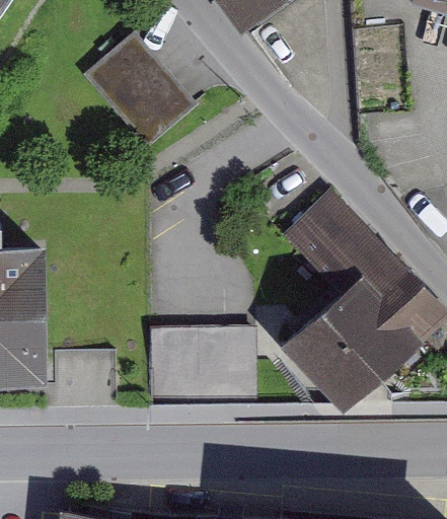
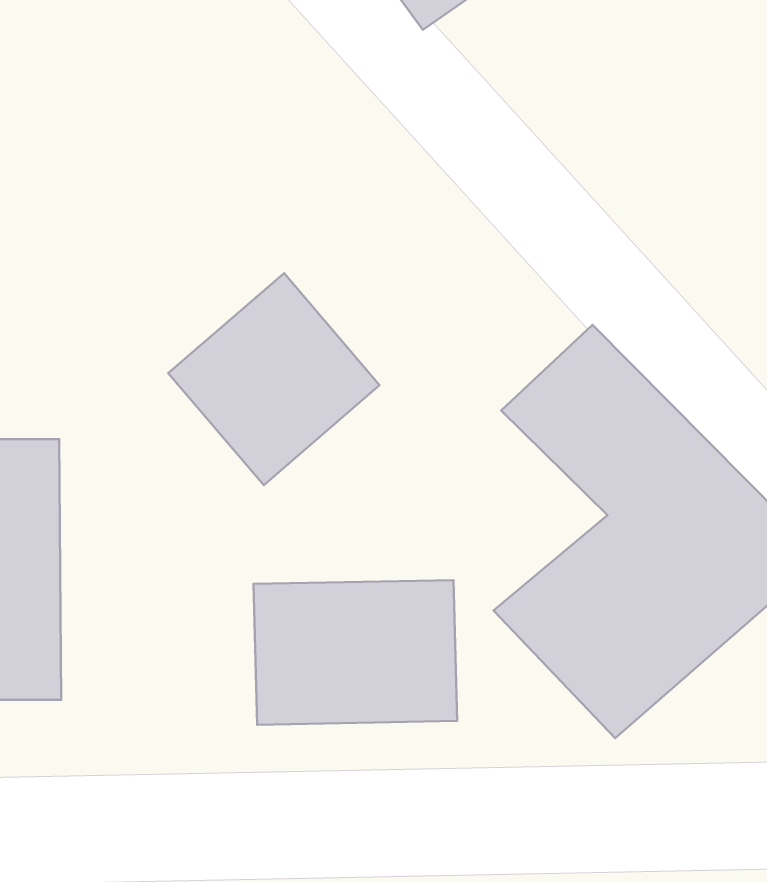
building: [83,32,201,152] -> none
building: none -> [168,273,380,485]

